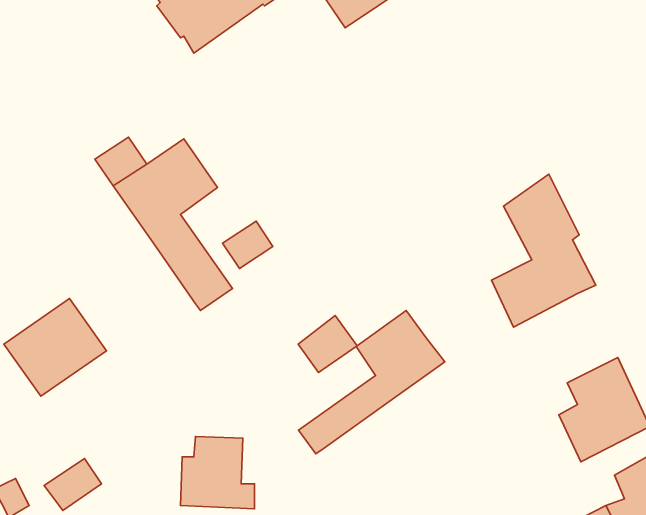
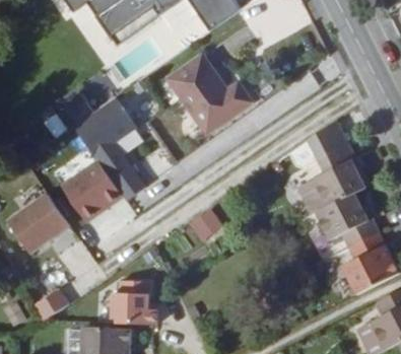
building: none -> [171,56,252,133]
building: none -> [60,161,122,223]
building: none -> [314,192,377,245]
building: [299,310,445,454] -> none

